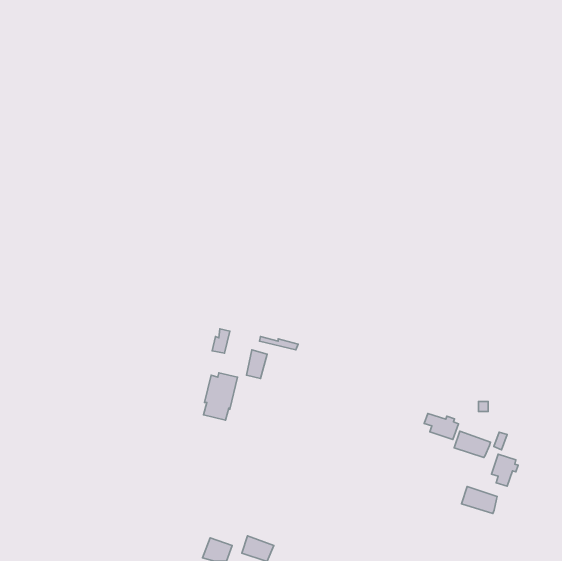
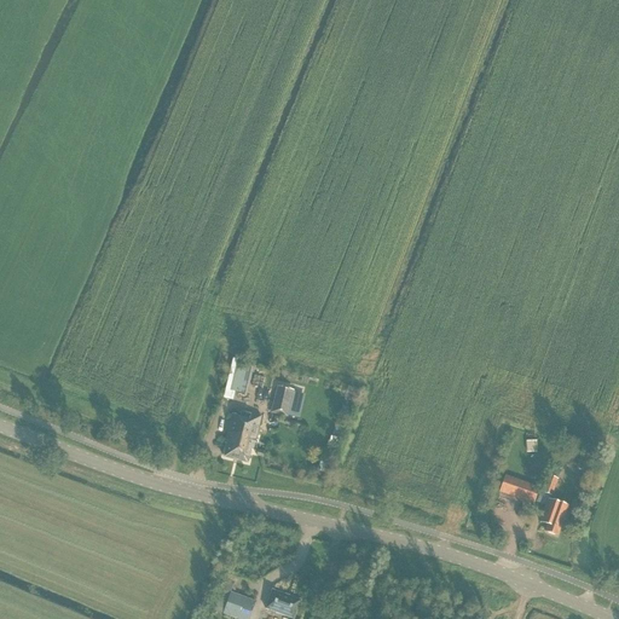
building: [424,414,458,440] -> none
building: [461,487,497,514] -> none

